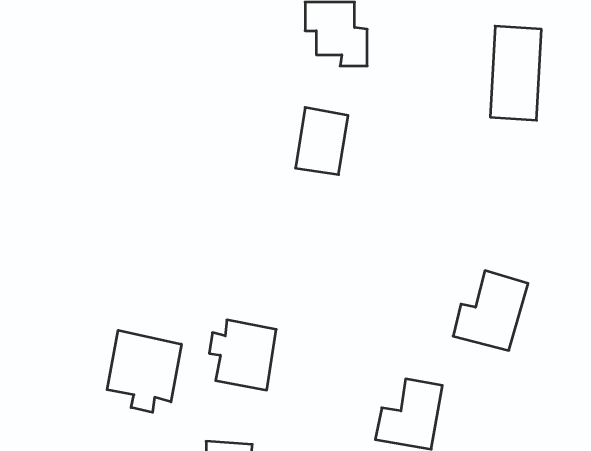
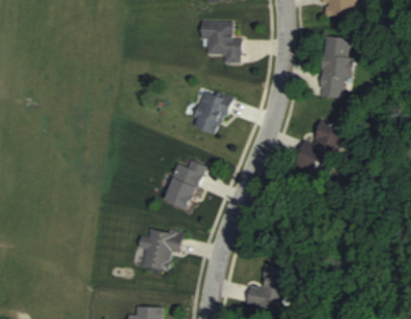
building: none -> [164,155,206,208]
building: [453,271,528,350] -> [298,119,347,171]
building: [107,330,181,412] -> none

